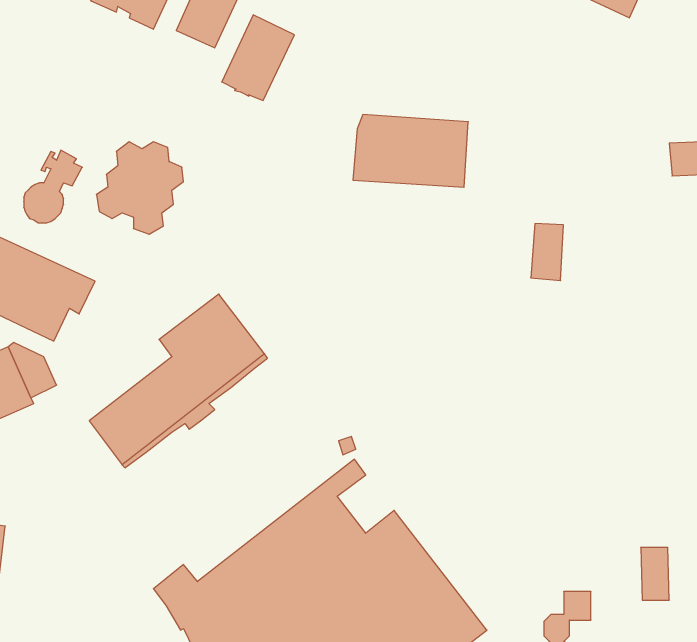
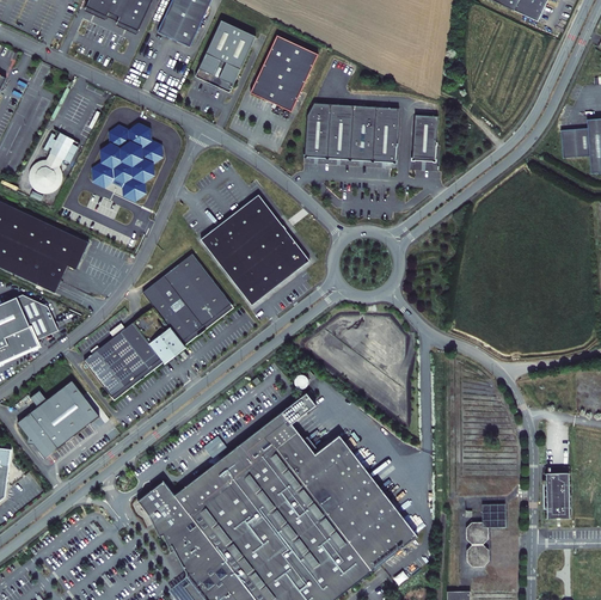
building: none -> [250,35,318,111]
building: [531,224,563,281] -> [410,115,437,163]
building: none -> [201,195,309,305]
building: none -> [17,380,99,458]

